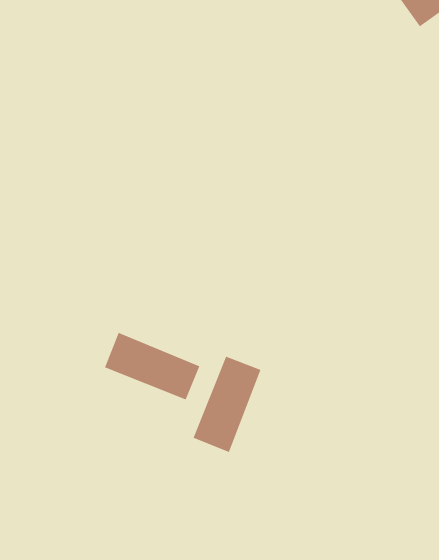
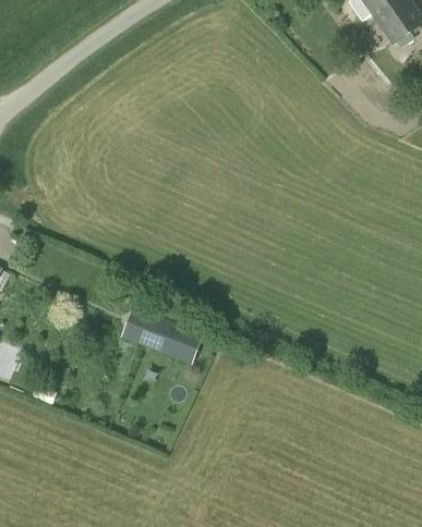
building: [193,356,261,453] -> none

